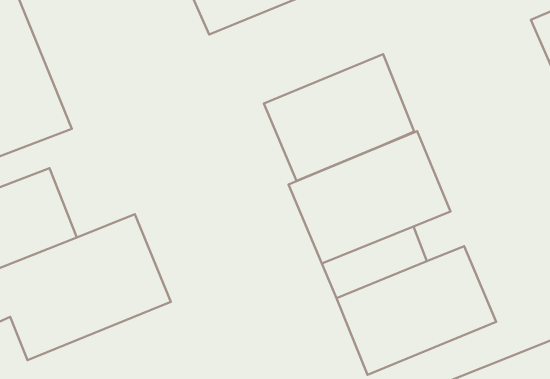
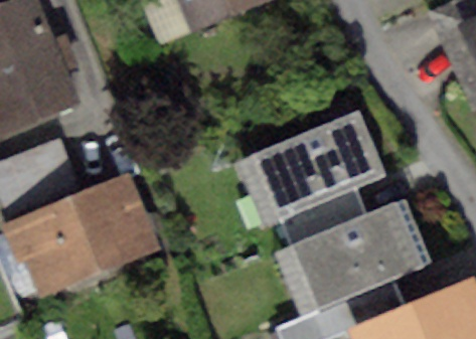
building: [264,54,414,181] -> none

